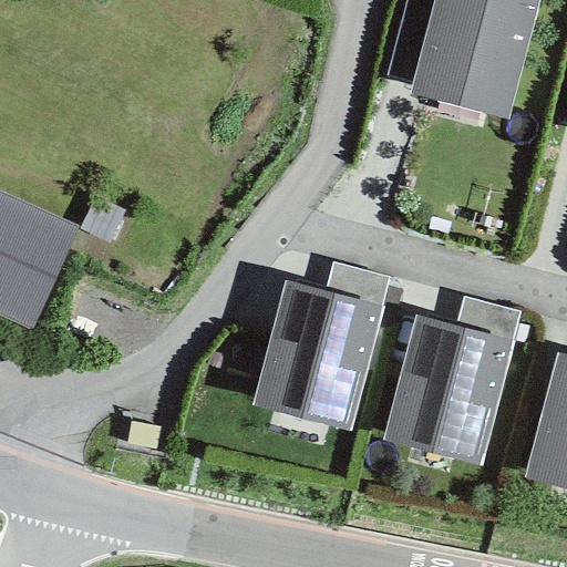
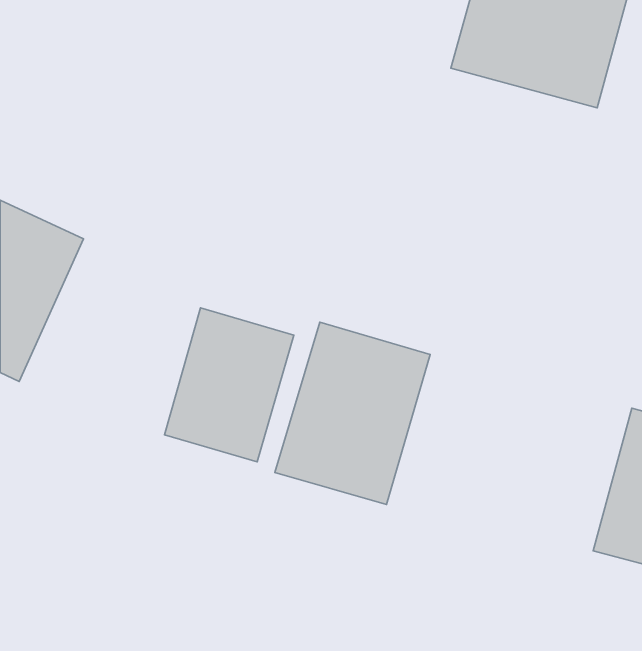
building: none -> [165,308,294,462]
building: [381,316,514,470] -> none

